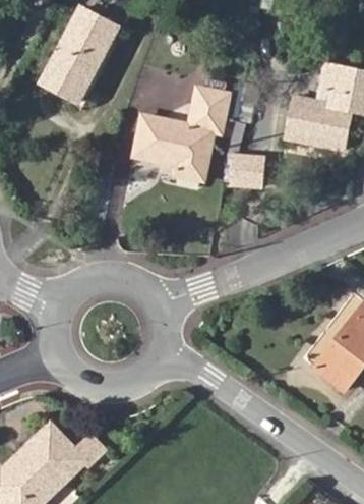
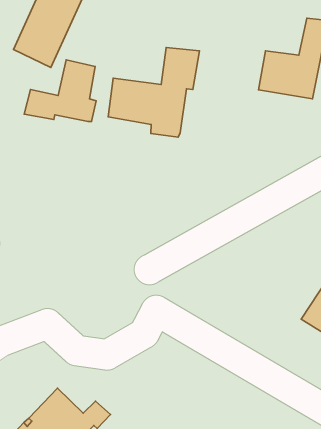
building: none -> [24,60,96,122]
building: [230,156,261,186] -> none

